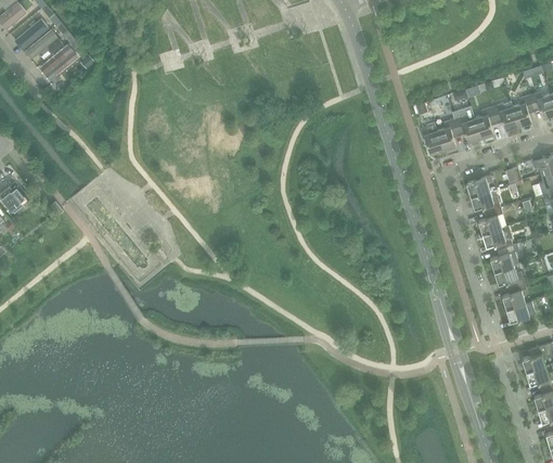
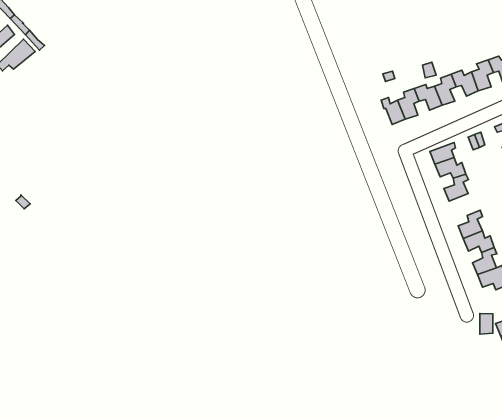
building: [481,227,512,249] -> none

